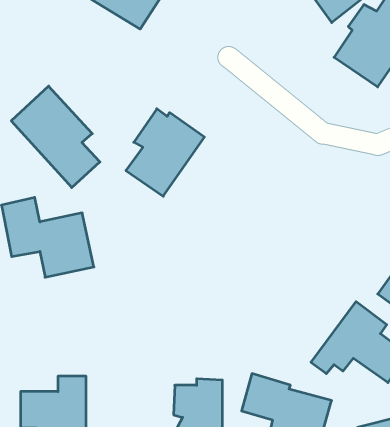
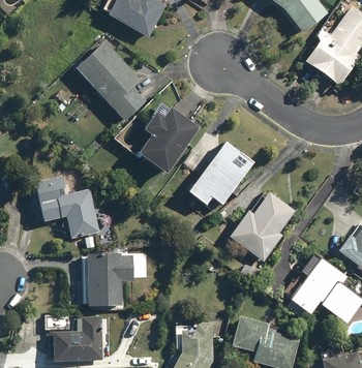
building: [11,86,100,188] -> [74,39,146,121]
building: none -> [187,141,254,206]
building: none -> [228,191,296,262]
building: none -> [87,252,133,306]

